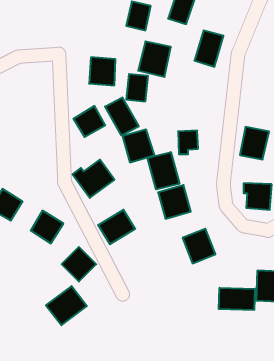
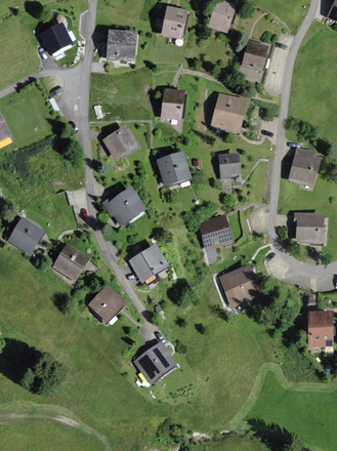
building: none -> [40,23,74,55]
building: [138,41,171,77] -> [211,92,248,132]
building: [89,57,115,85] -> [107,31,136,63]
building: [105,97,139,135] -> none
building: [147,152,179,189] -> none
building: [46,286,87,325] -> [133,339,179,383]
building: [219,288,255,310] -> none

